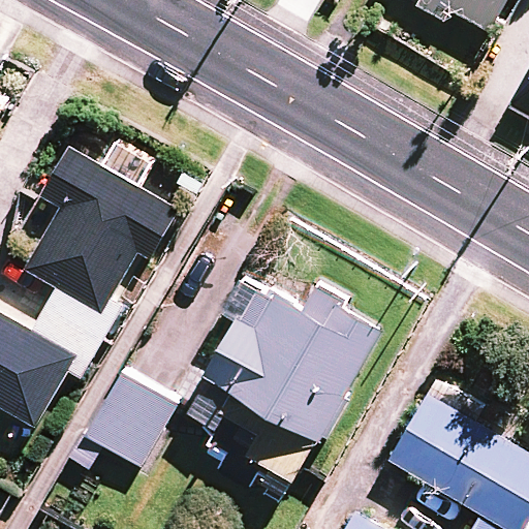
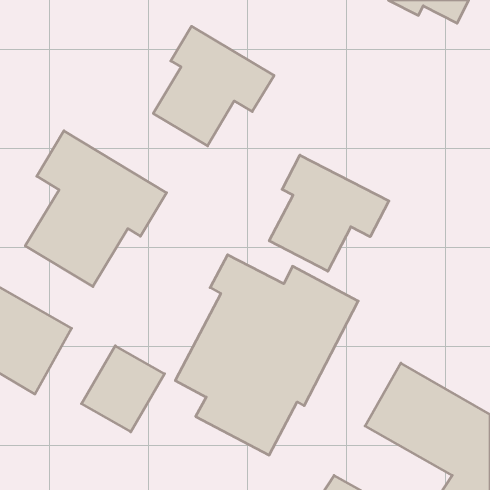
building: none -> [153,26,274,146]
building: none -> [269,155,389,271]

